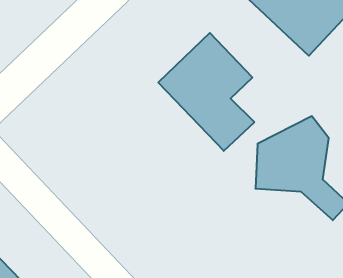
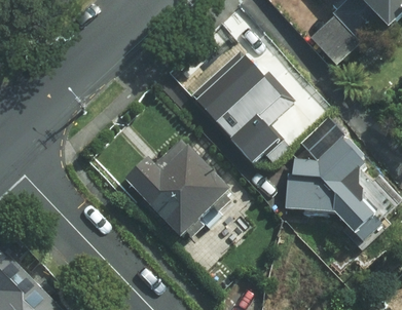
building: none -> [127,132,241,237]

